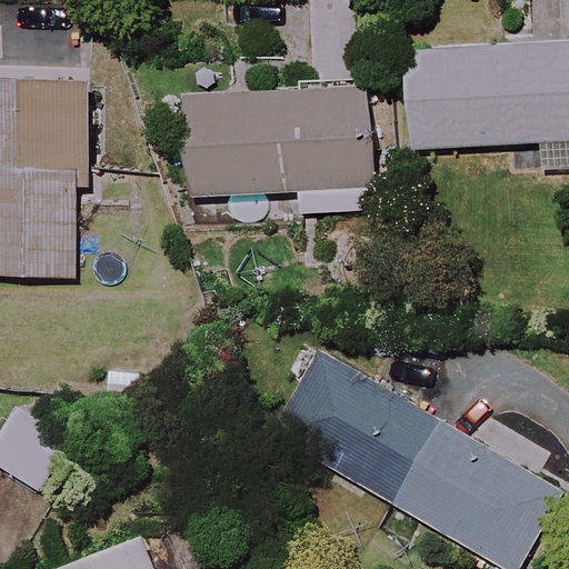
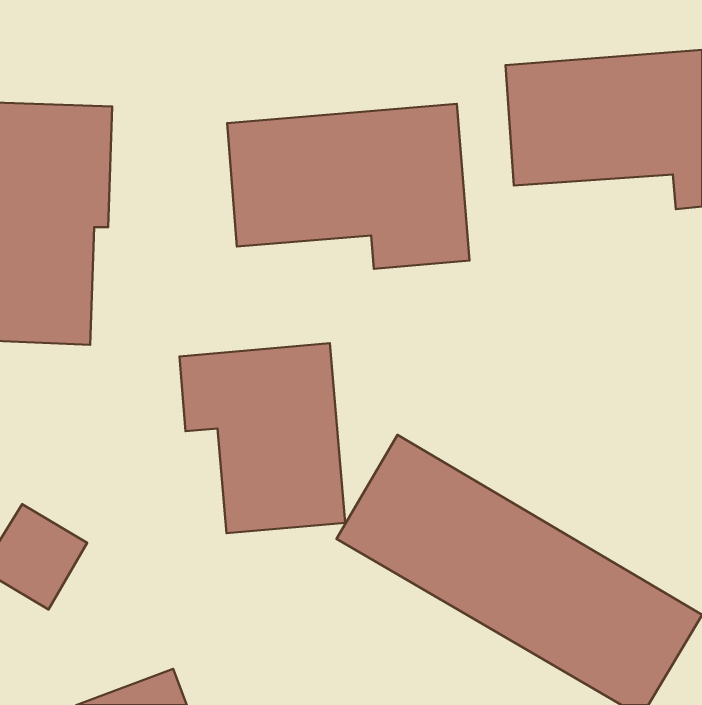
building: none -> [179,343,345,533]

